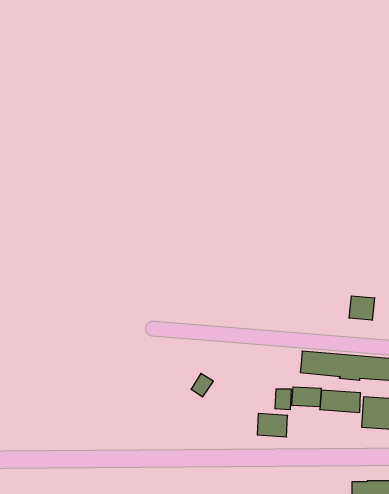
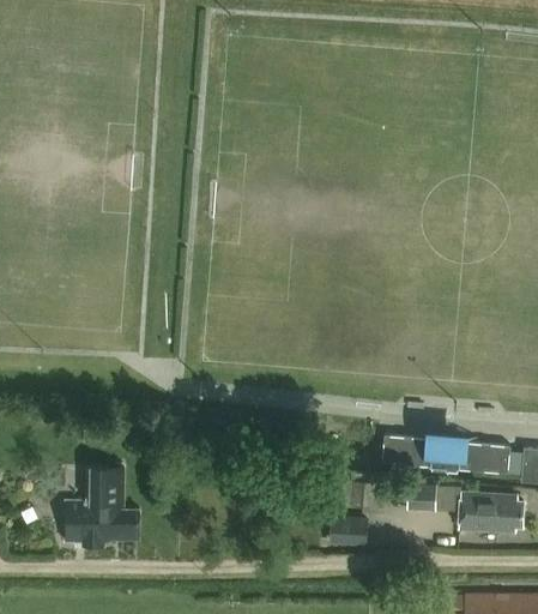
building: [349,296,375,320] -> none
building: none -> [65,468,139,548]
building: [292,387,321,407] -> none

